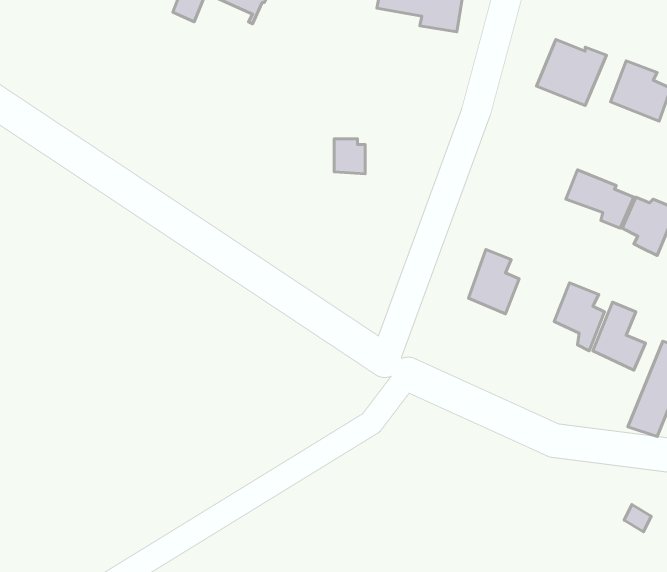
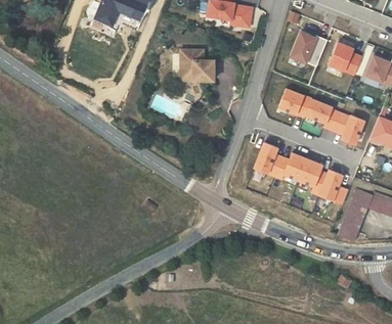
building: none -> [181,49,215,79]
building: none -> [279,89,311,117]
building: none -> [275,152,307,179]

